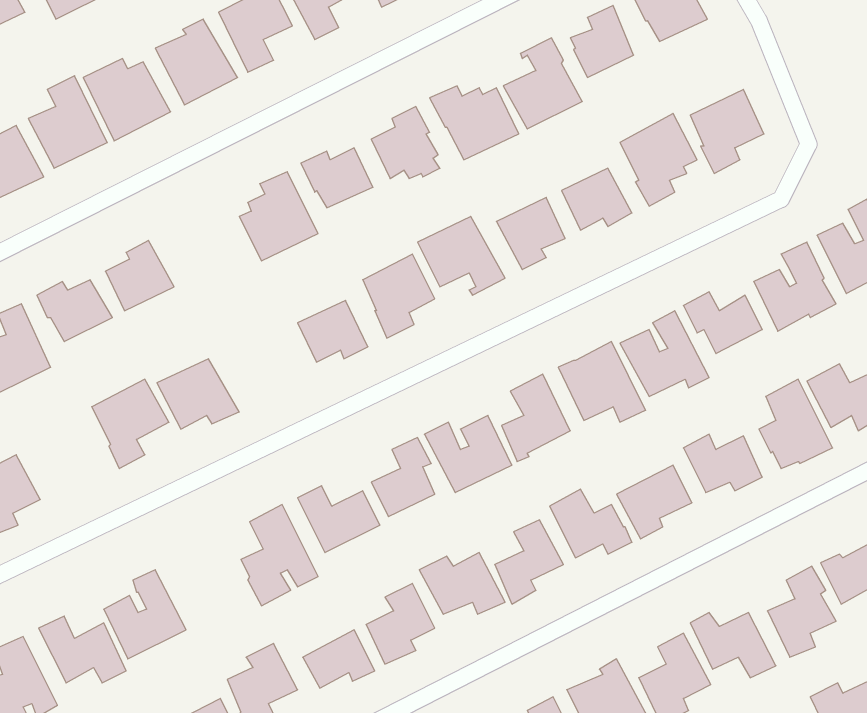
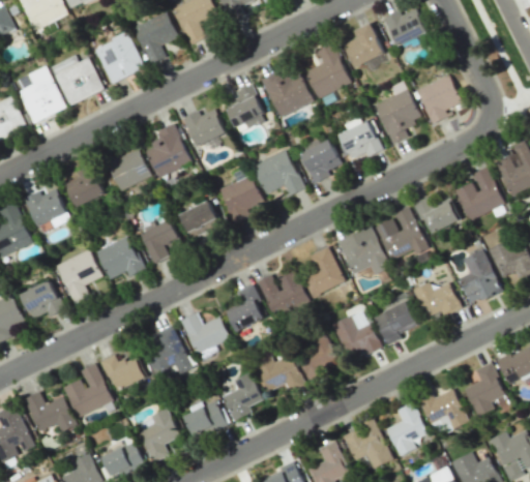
building: none -> [104,149,152,191]
building: none -> [142,217,184,263]
building: none -> [20,281,65,319]
building: none -> [98,355,149,392]

